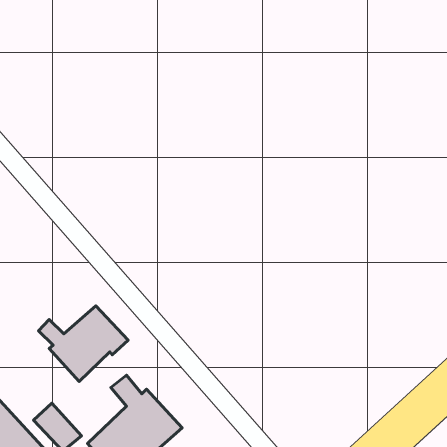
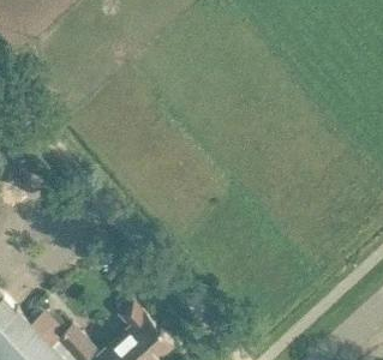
building: [39,306,128,381] -> none

